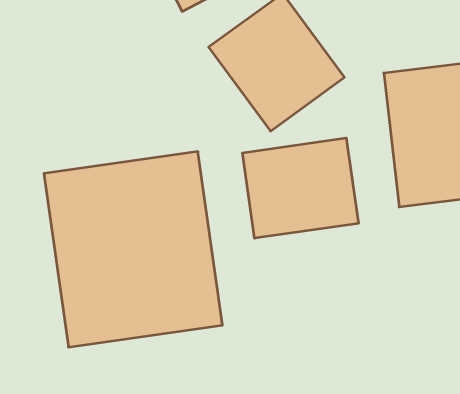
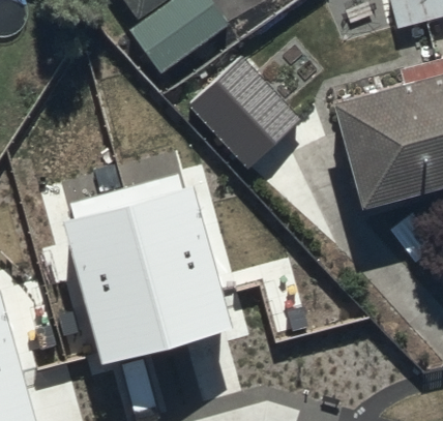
building: [243,138,358,238] -> none

